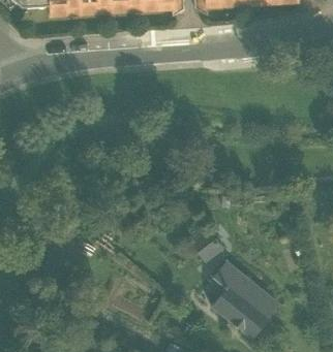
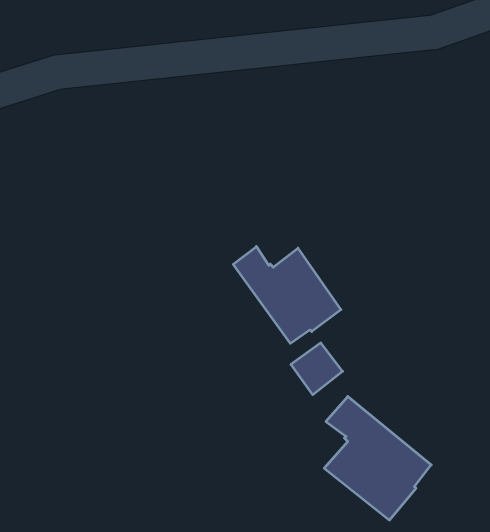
building: none -> [233,246,341,343]

